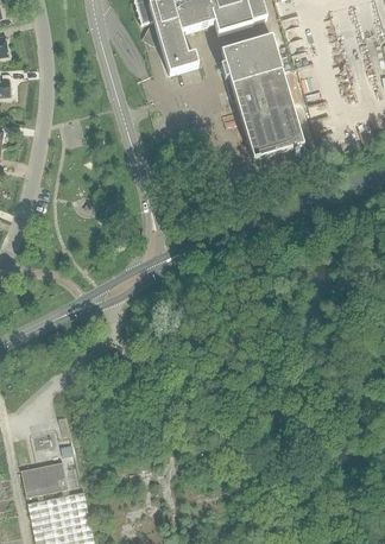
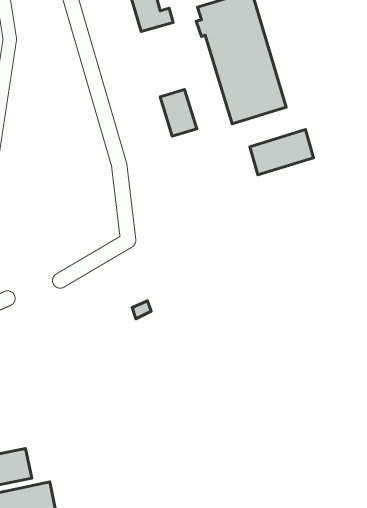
building: none -> [160,90,197,136]
building: none -> [250,129,314,175]

